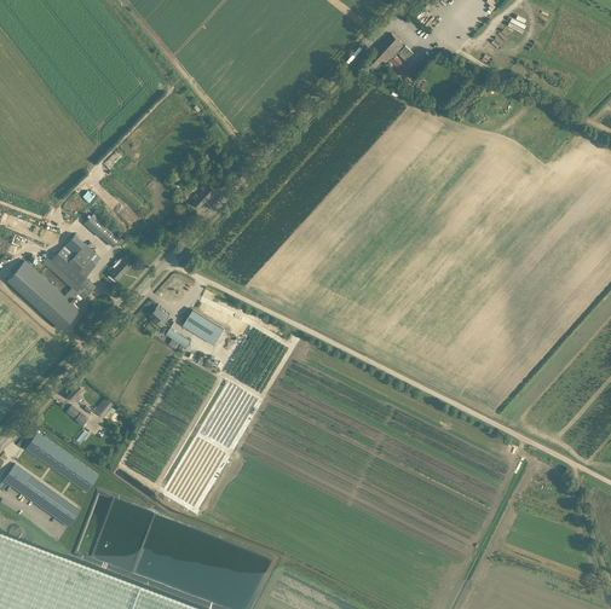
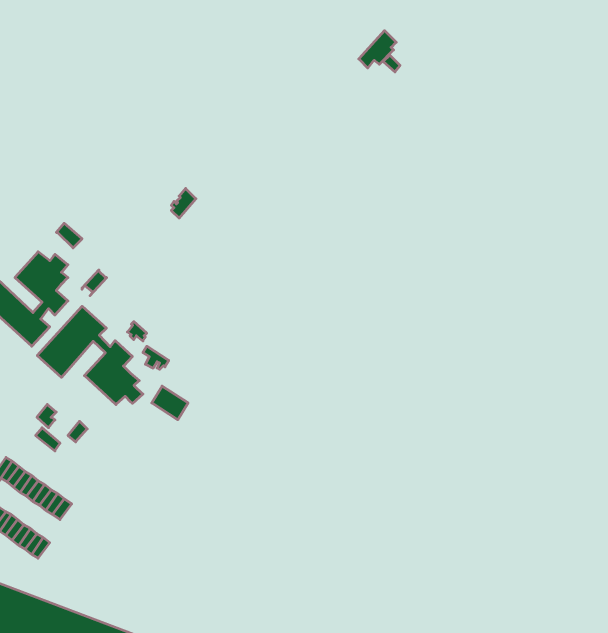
building: none -> [37,306,143,405]
building: [181,311,215,342] -> [152,386,188,420]

